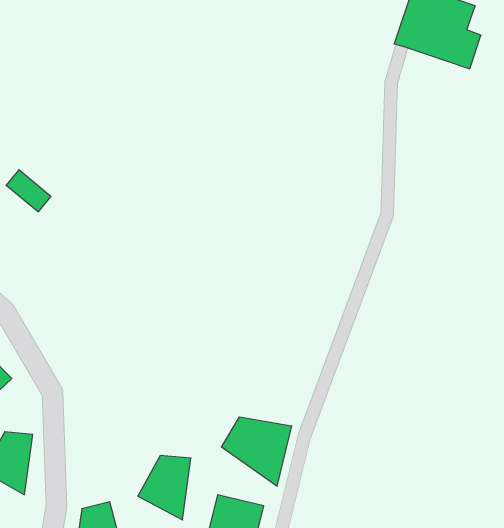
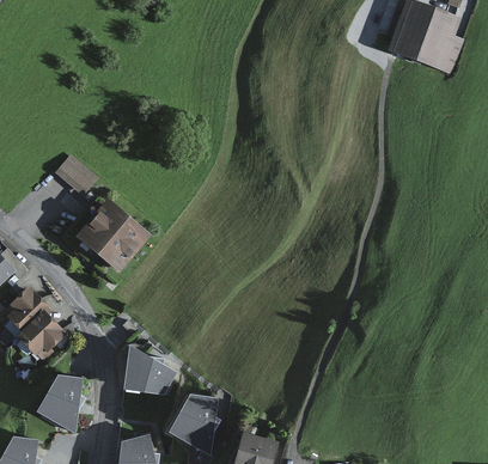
building: none -> [79,203,146,270]
building: none -> [123,352,171,395]
building: [222,417,292,486] -> none

